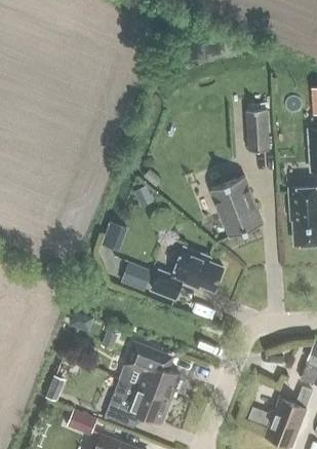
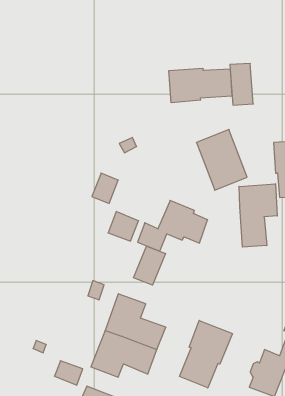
building: none -> [169,68,232,103]
building: none -> [239,184,277,247]
building: none -> [134,246,166,285]
building: none -> [180,320,232,388]

